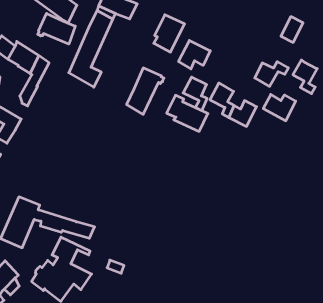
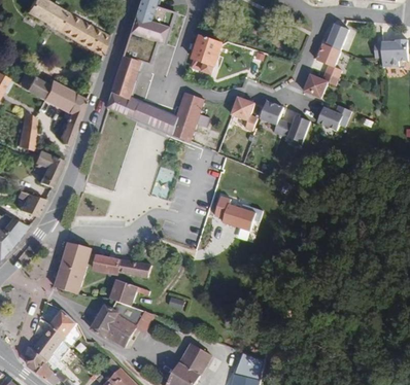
building: [38,13,75,44] -> none
building: [179,40,210,69] -> none
building: [293,60,317,94] -> [313,42,338,76]
building: none -> [134,102,176,133]
building: [167,95,208,131] -> [213,195,257,230]

